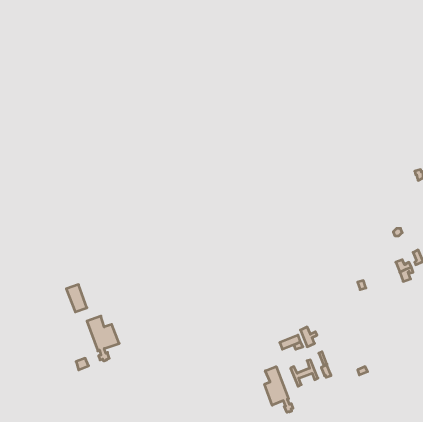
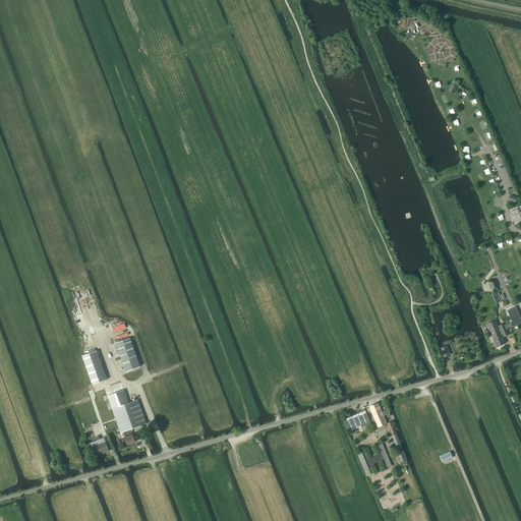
building: none -> [115,337,139,370]
building: [265,367,293,412] -> none

